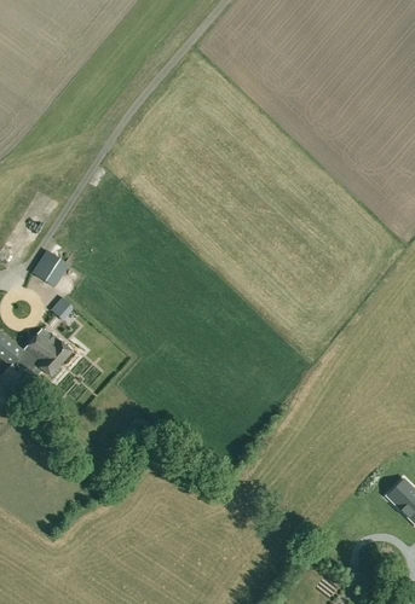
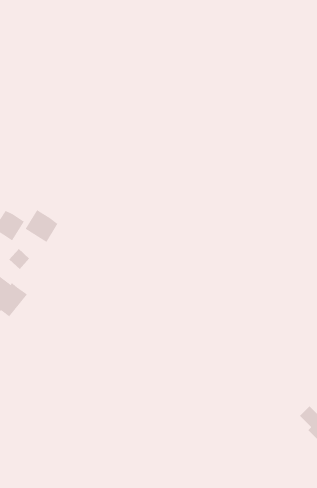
building: none -> [25,209,58,243]

